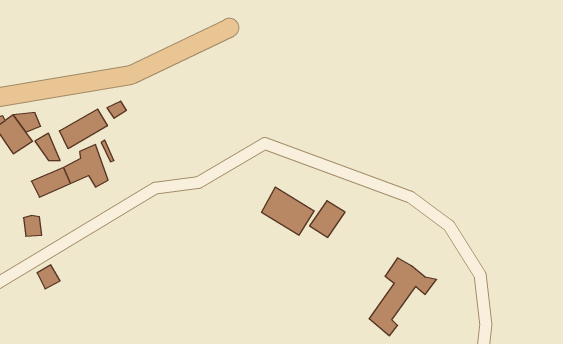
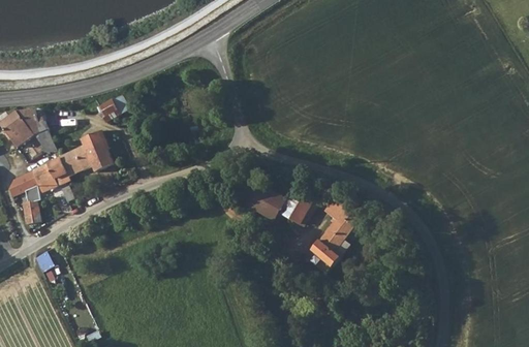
building: [59,109,107,149] -> none
building: none -> [8,174,38,197]
building: [369,258,437,336] -> [311,196,372,266]

